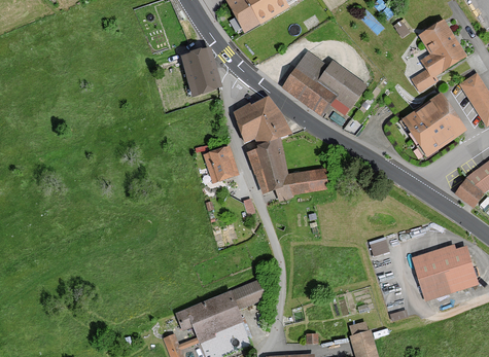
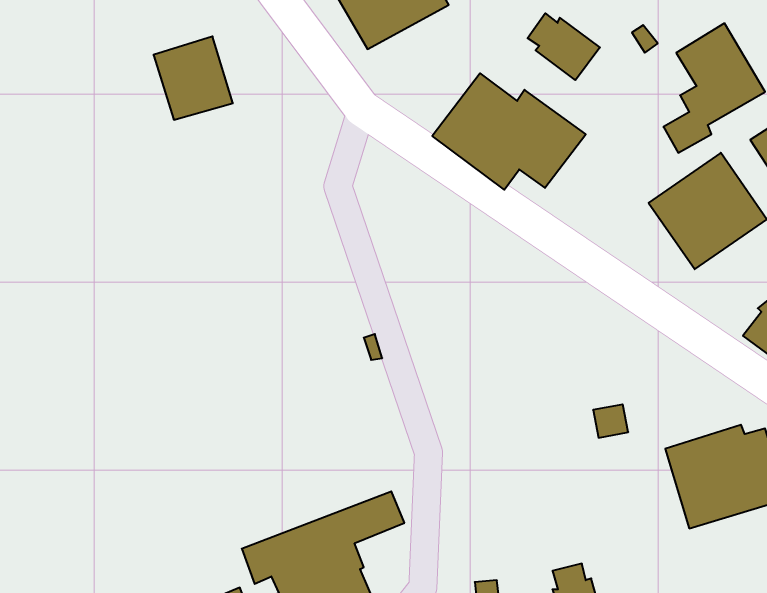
building: none -> [528,13,600,80]
building: [180,48,224,95] -> [153,36,233,120]
building: [233,95,329,201] -> none
building: [203,145,239,183] -> none

